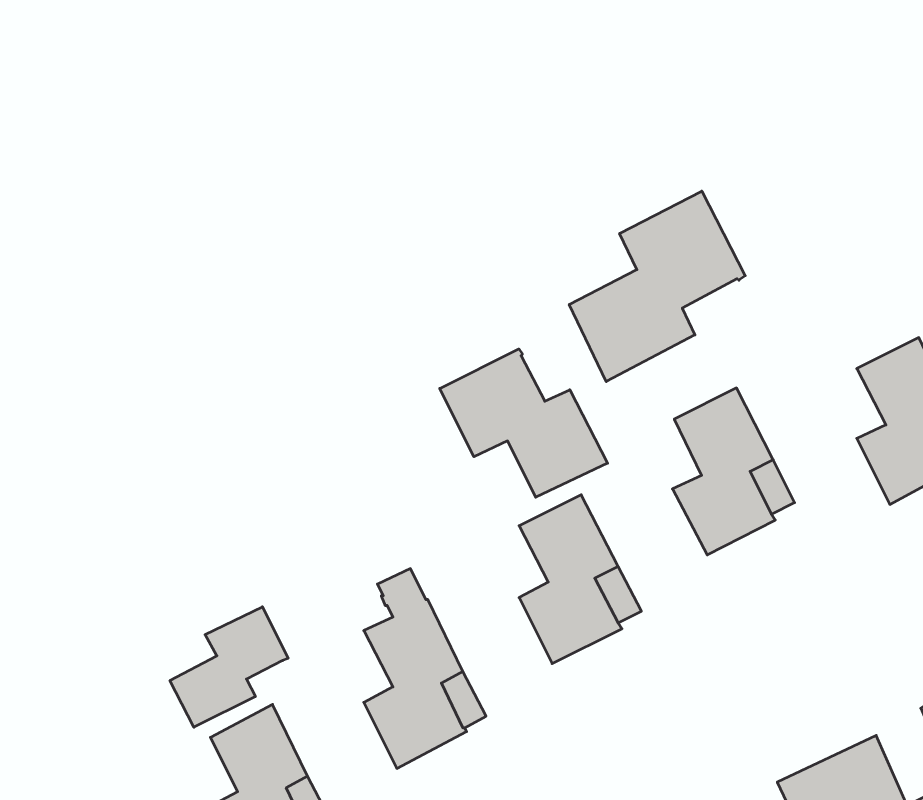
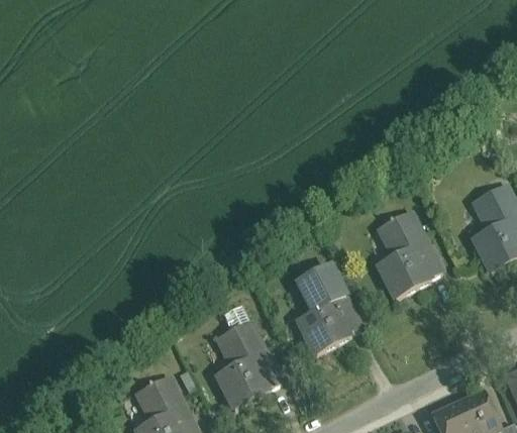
building: [569,191,745,382] -> none
building: [440,349,608,497] -> none
building: [170,607,288,727] -> none

